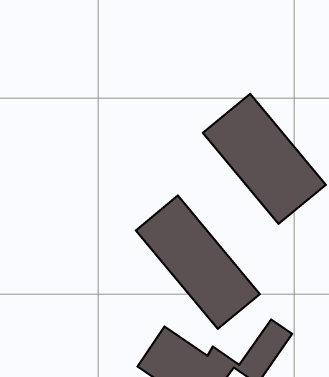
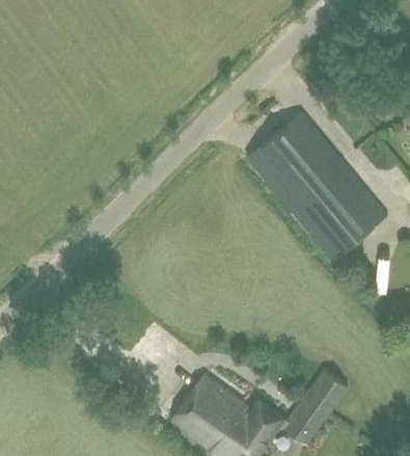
building: [136,196,260,329] -> none

